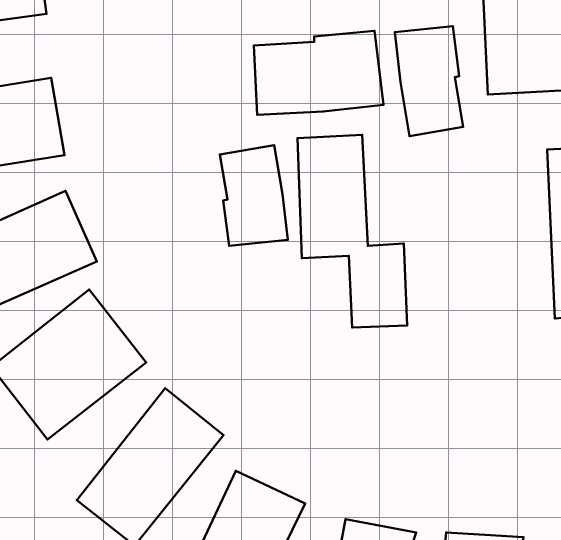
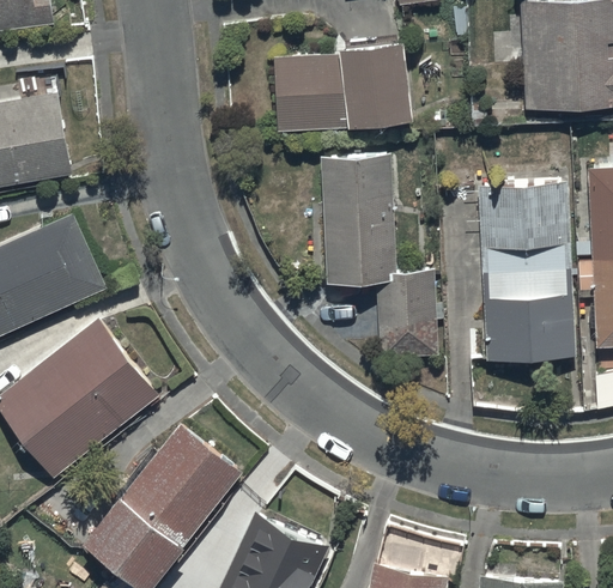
building: [395,26,463,136] -> none
building: [220,145,288,246] -> none
building: none -> [477,182,576,362]

